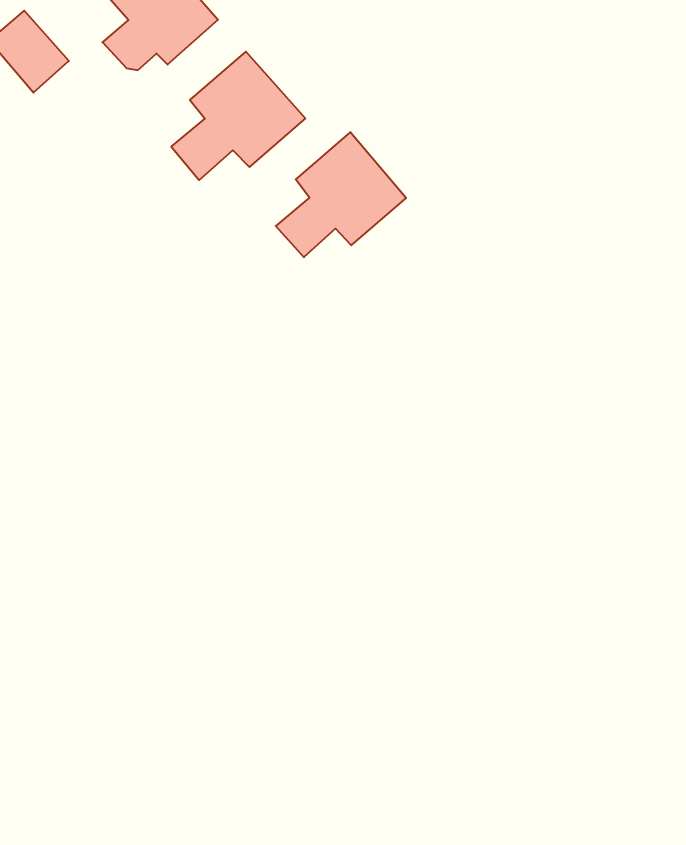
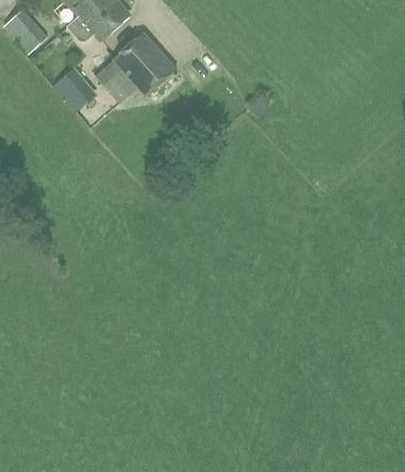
building: none -> [53,66,96,111]
building: [276,132,406,257] -> none

